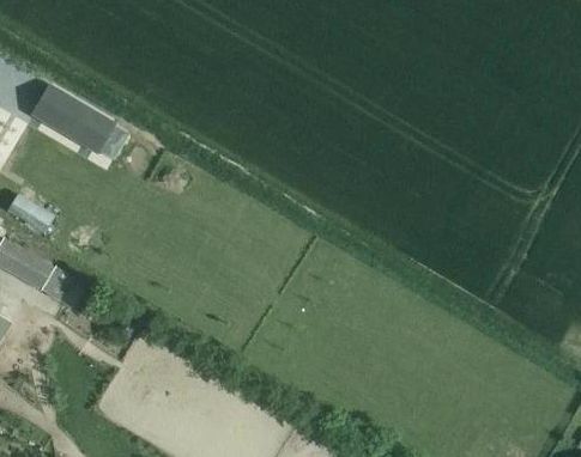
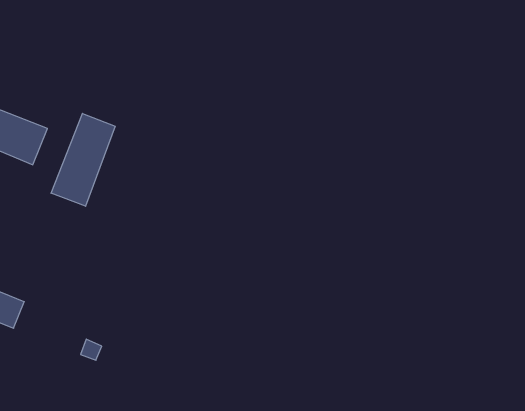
building: none -> [51,113,115,206]

